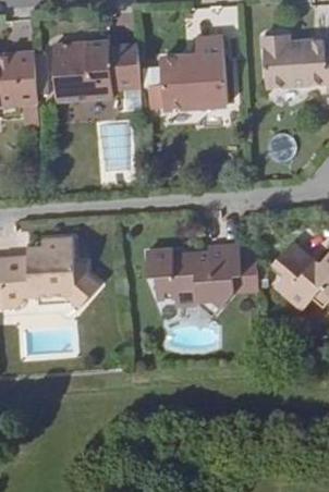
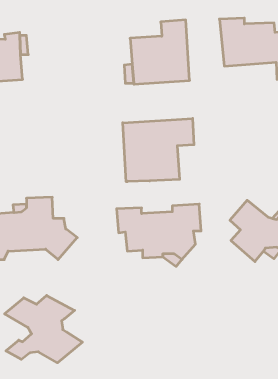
building: [52,40,141,102] -> none
building: none -> [123,118,194,182]
building: none -> [5,295,82,363]

